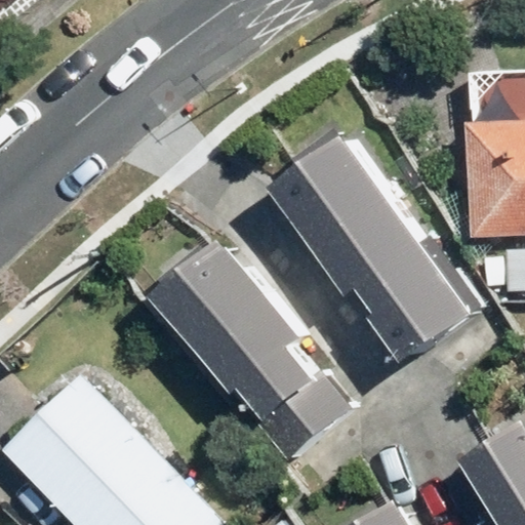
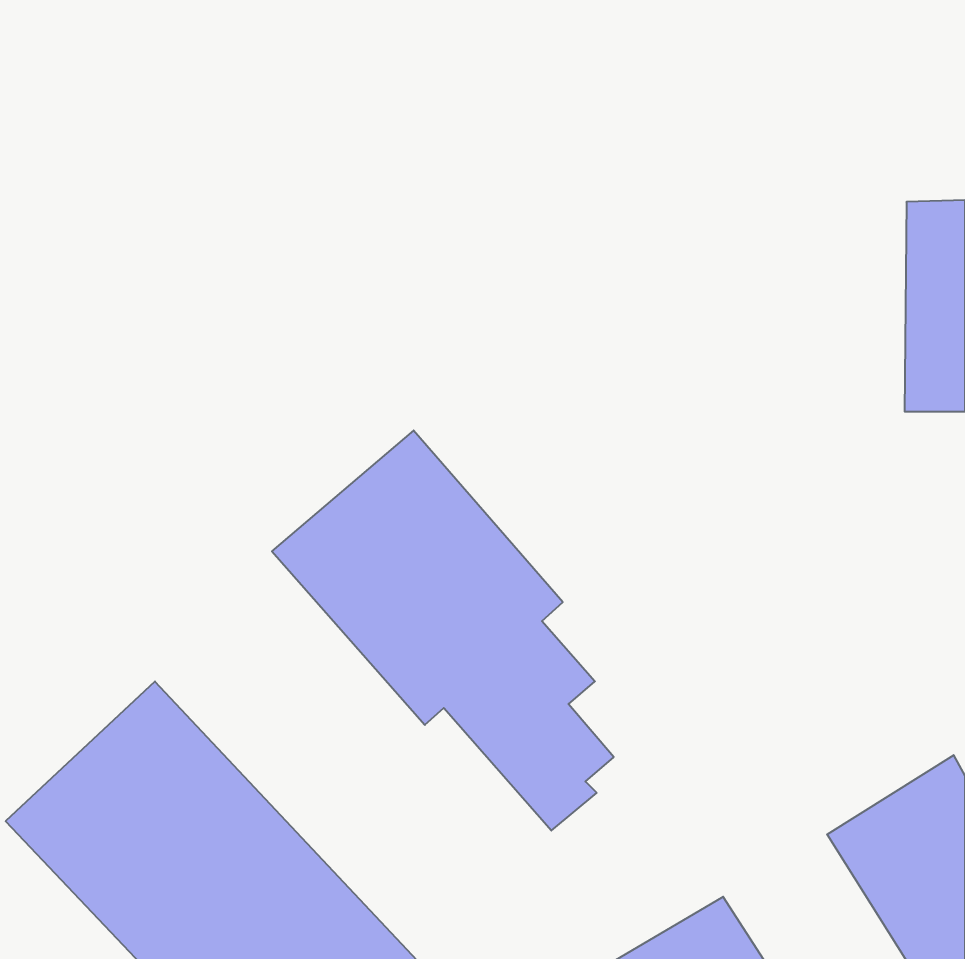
building: [267,137,467,365] -> none

